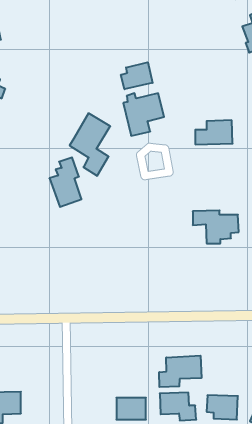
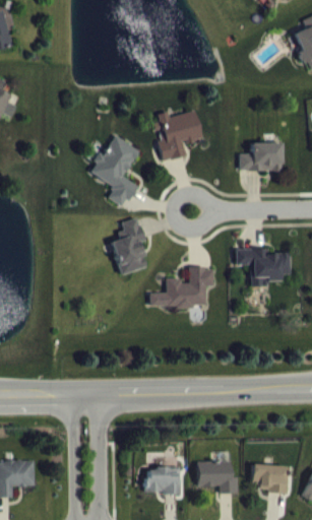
building: [121,62,153,89] -> none
building: [49,157,82,207] -> [110,217,147,275]
building: none -> [149,267,213,307]
building: [159,356,201,387] -> none

